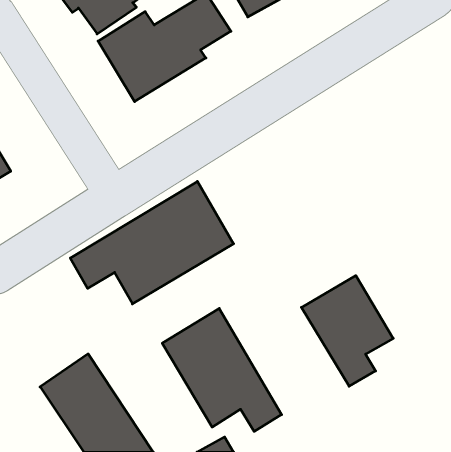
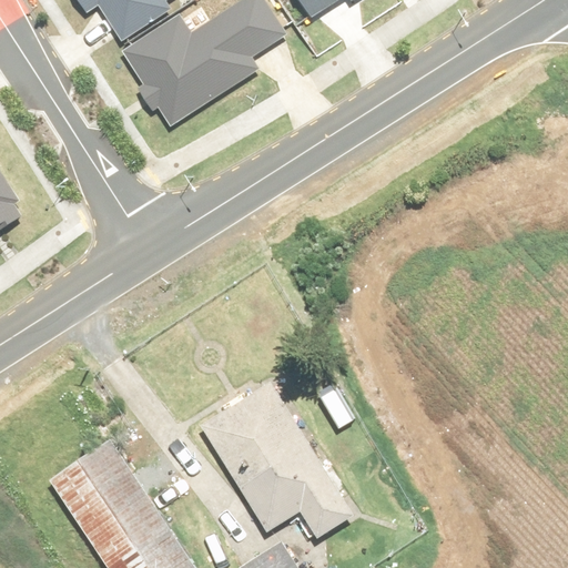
building: [70,181,234,304] -> none
building: [301,276,393,386] -> none

